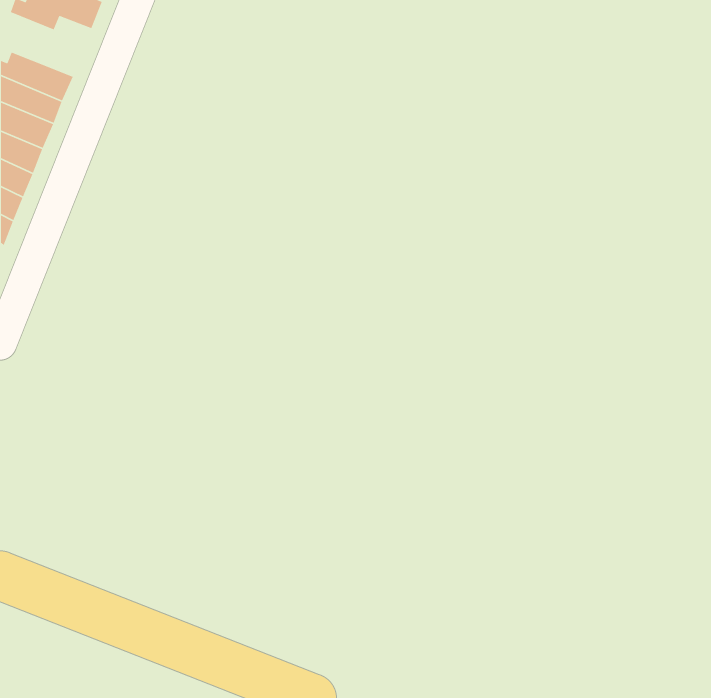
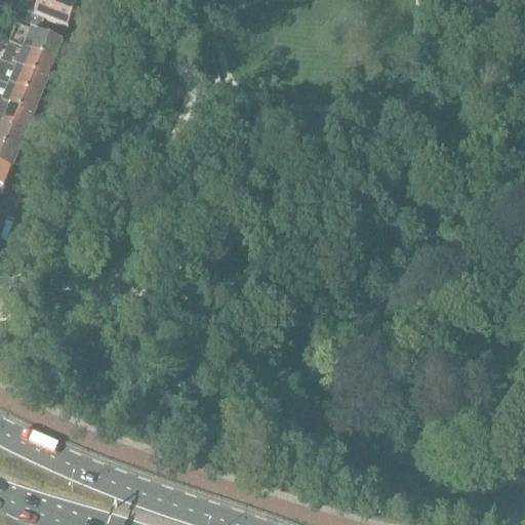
building: none -> [11,19,62,56]

